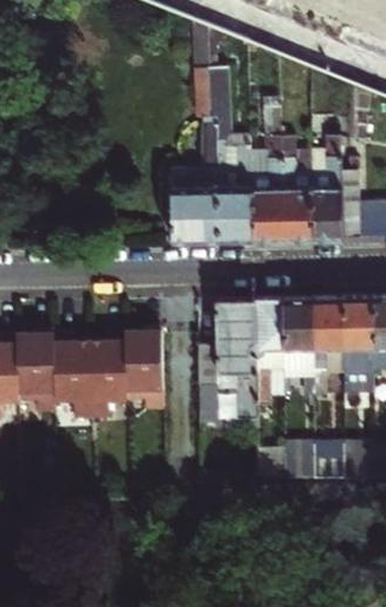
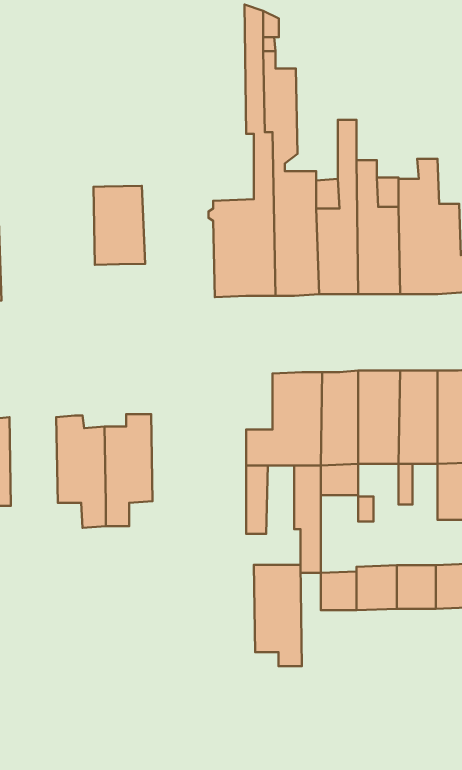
building: none -> [93,186,145,265]
building: [124,332,161,409] -> [254,565,302,666]
building: [17,334,53,413] -> none

